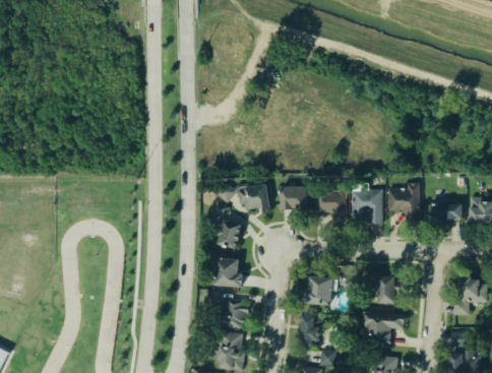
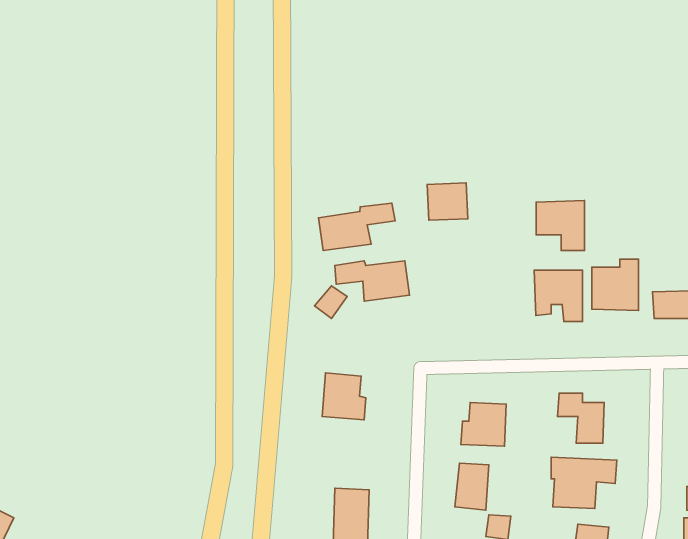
building: none -> [319,203,395,250]
building: [281,186,307,210] -> [427,183,468,220]
building: [315,191,347,224] -> [536,201,584,250]
building: [214,220,241,249] -> none
building: [204,291,249,328] -> none

